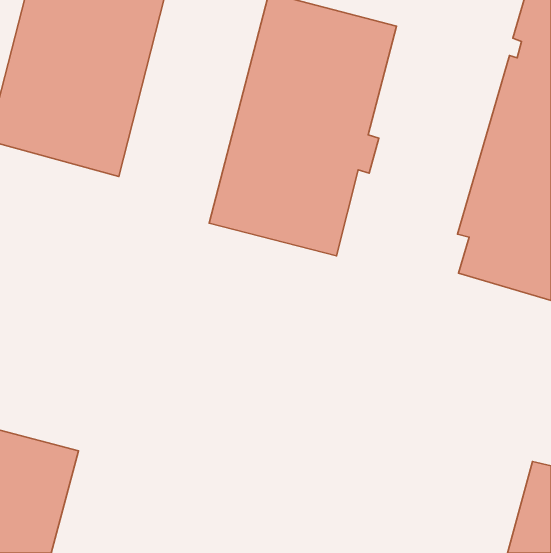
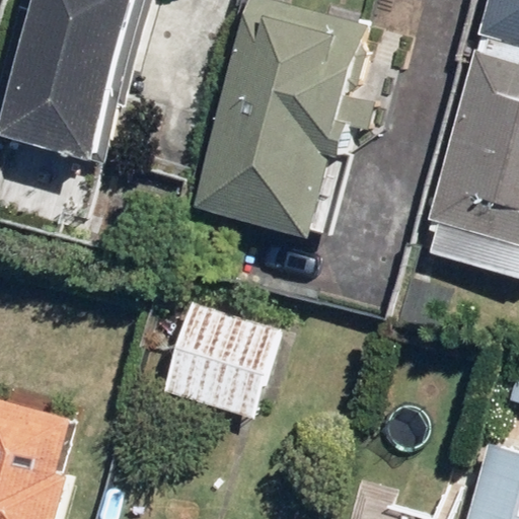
building: none -> [165,303,282,420]

